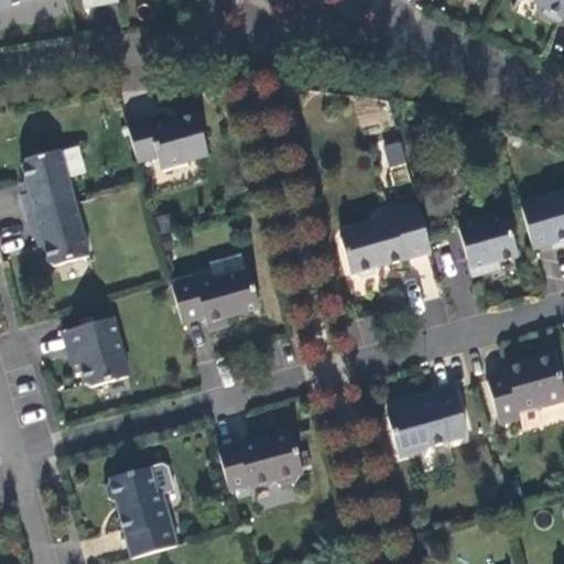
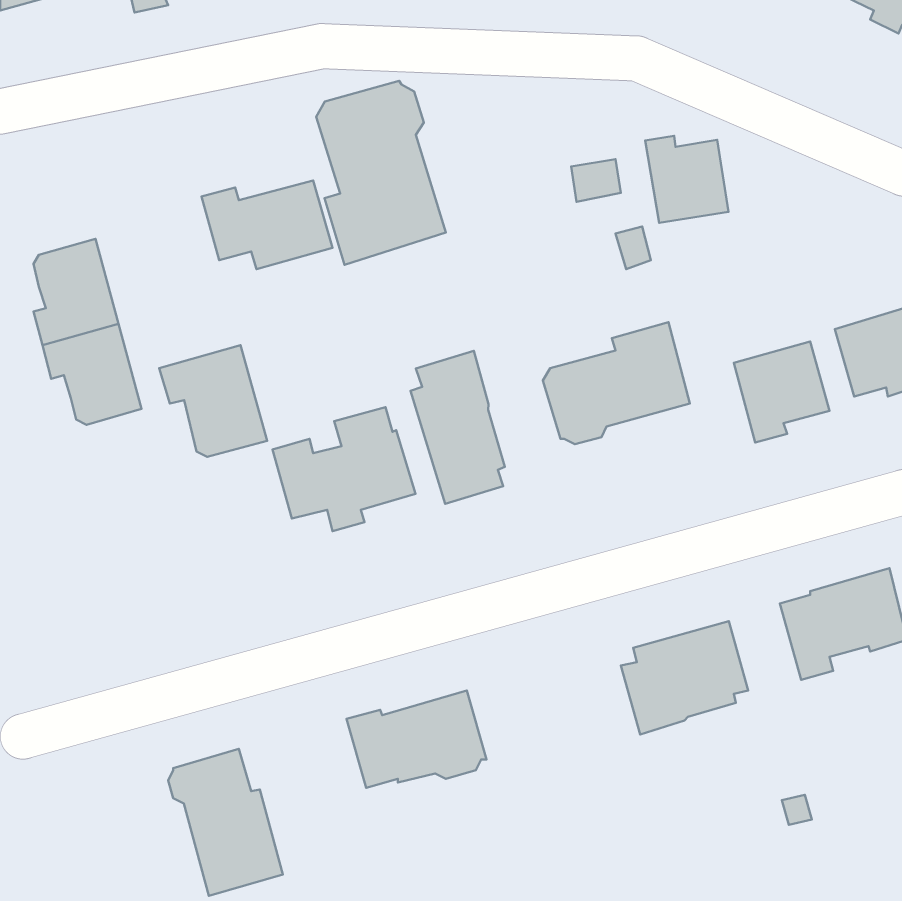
building: none -> [316,81,446,265]
building: none -> [645,136,728,223]
building: none -> [411,351,505,504]
building: [62,316,129,386] -> [159,345,267,457]

